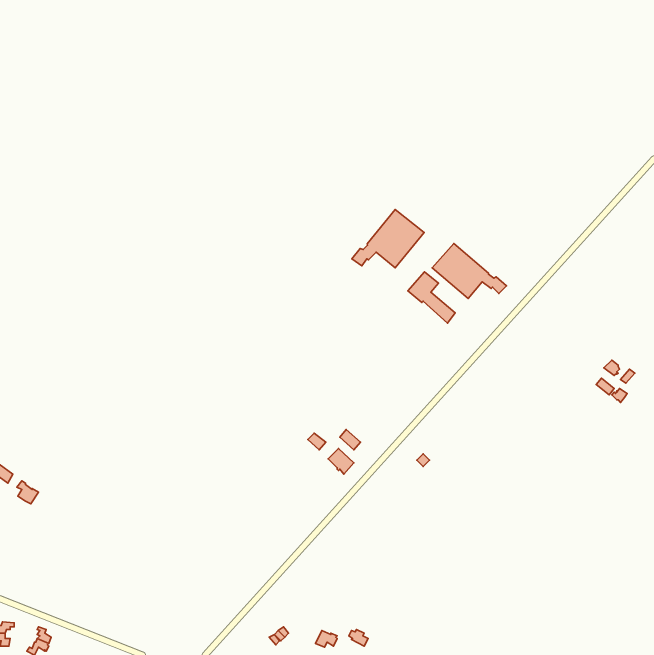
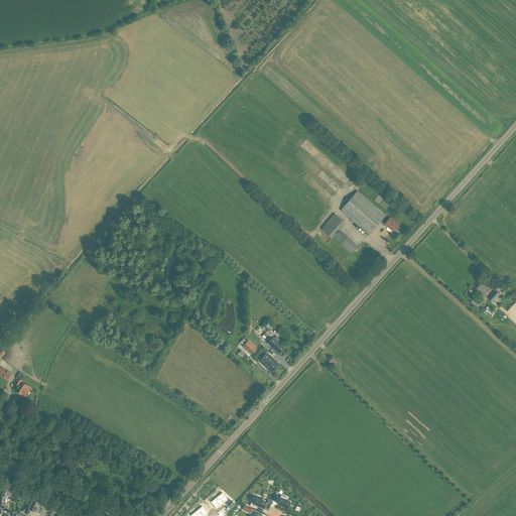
building: [352,210,424,268] -> none

